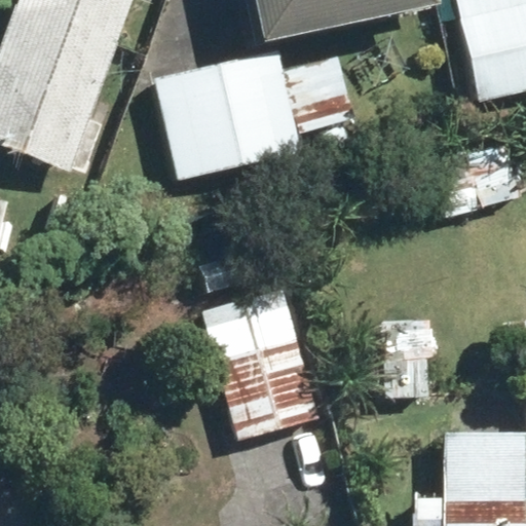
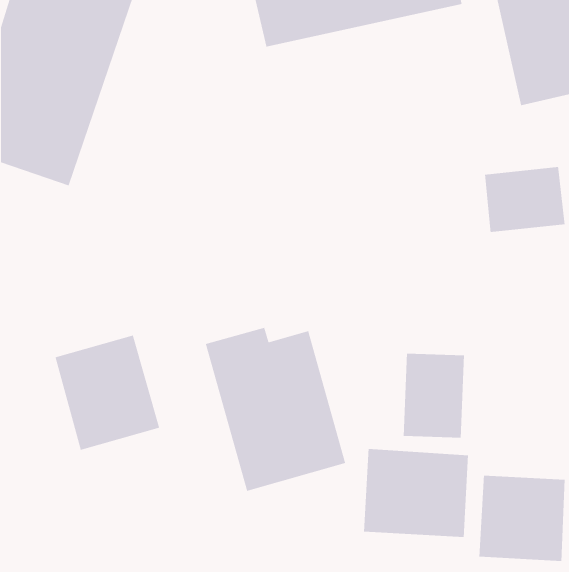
building: [154,52,351,180] -> none
building: none -> [55,334,160,451]
building: none -> [363,448,469,538]

